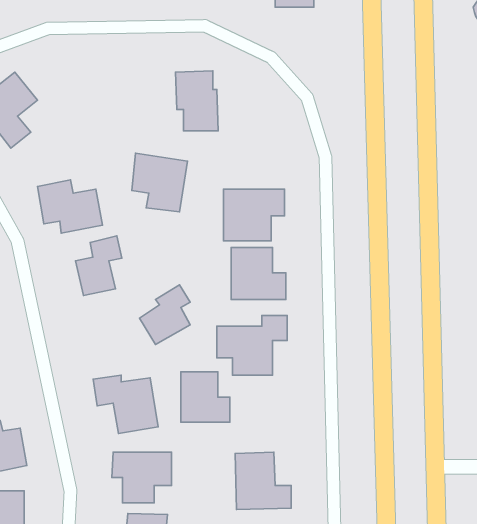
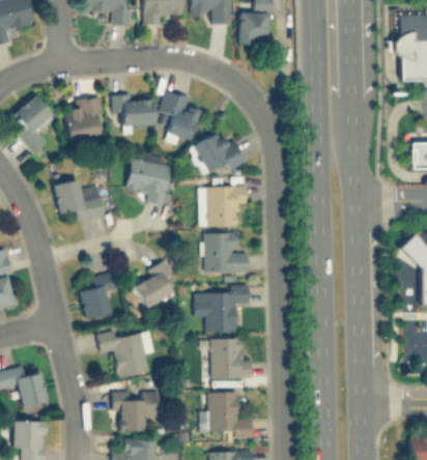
building: none -> [113,94,153,128]
building: none -> [64,96,105,142]
building: none -> [194,134,246,173]
building: [75,236,122,296] -> [80,272,116,319]
building: [181,372,230,422] -> [211,339,250,378]

